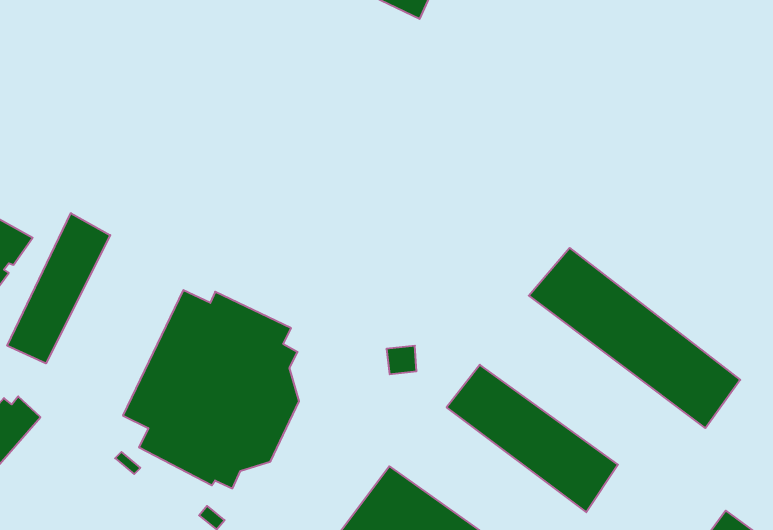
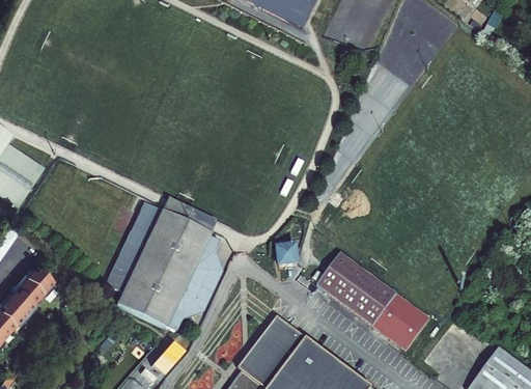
building: [7,213,110,363] -> none
building: [529,248,740,428] -> none

